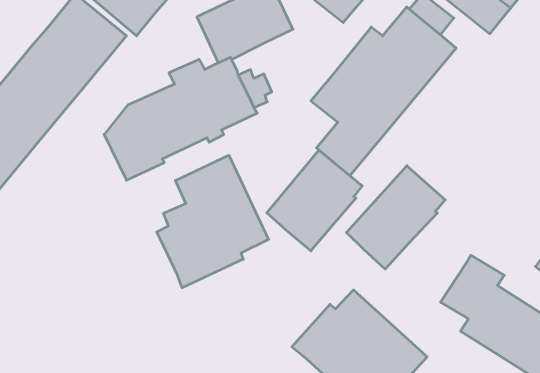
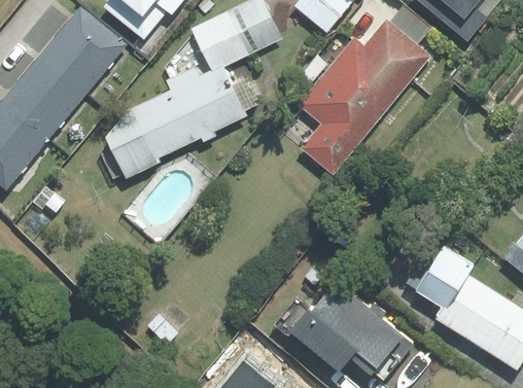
building: [267,150,362,251] -> none
building: [157,155,269,288] -> none
building: [346,166,445,269] -> none

